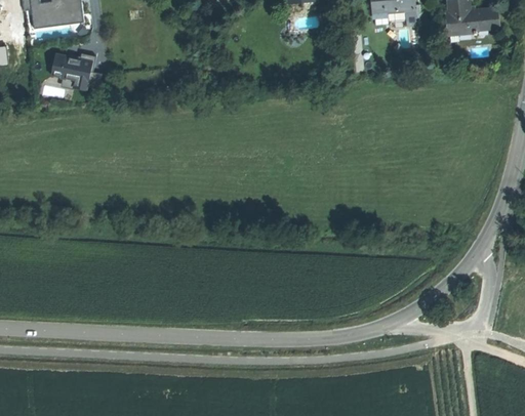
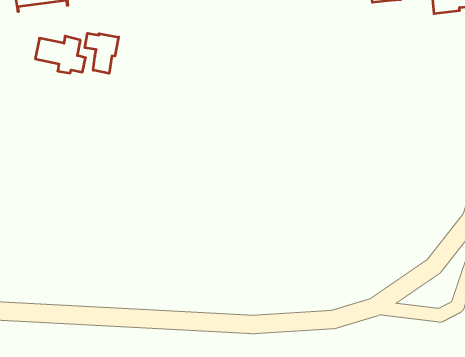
building: none -> [85,33,119,73]

